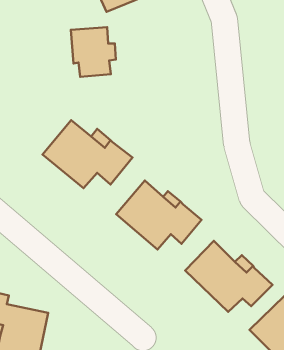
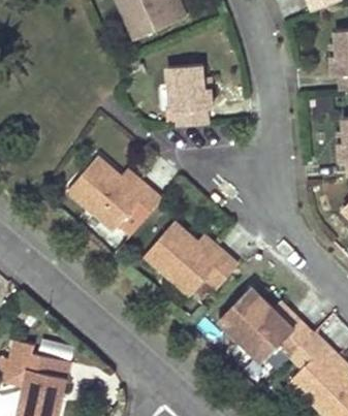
building: [71,27,116,77] -> [170,70,219,124]

